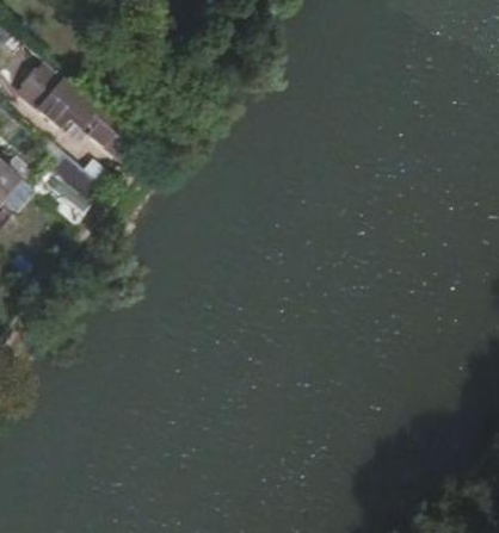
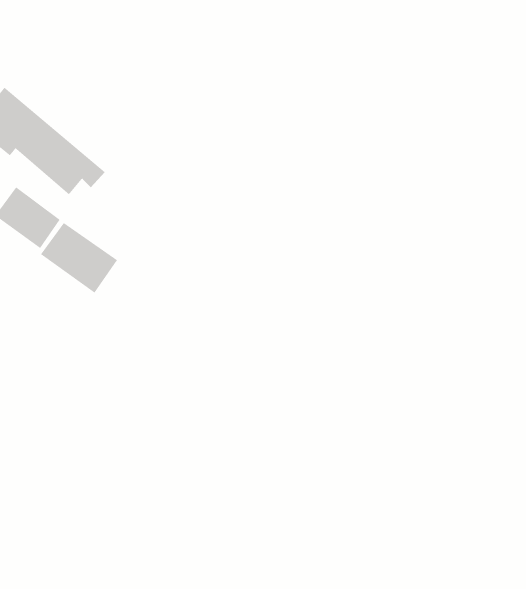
building: none -> [40,222,118,294]

